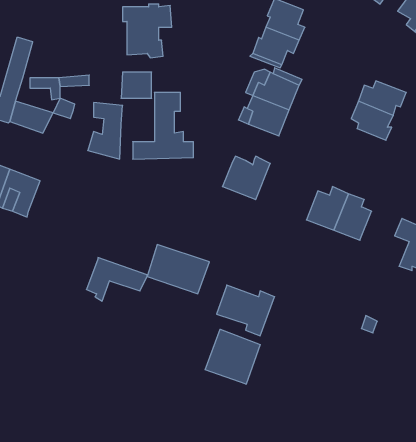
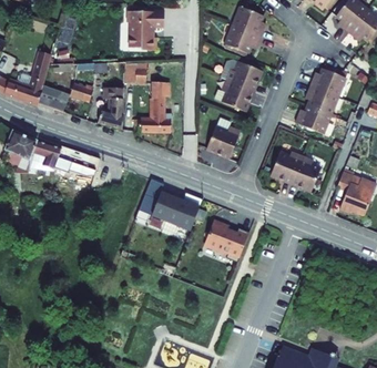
building: none -> [292,106,328,134]
building: [86,258,147,301] -> [54,145,101,178]
building: [205,329,260,384] -> none

